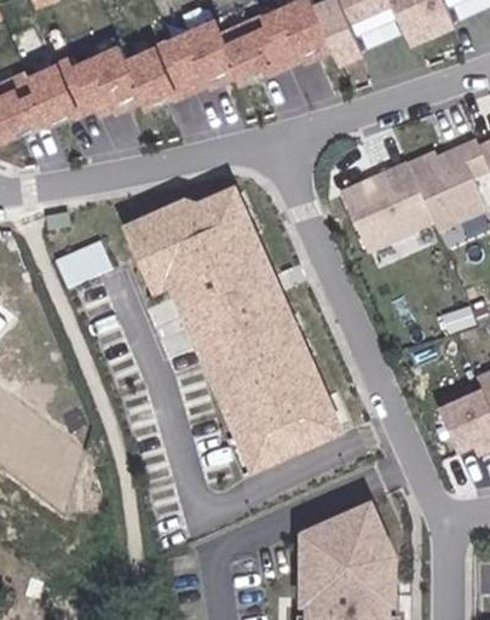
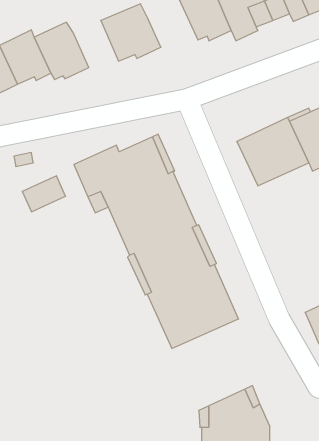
building: [225,13,290,78] -> none
building: [127,35,186,104] -> none

